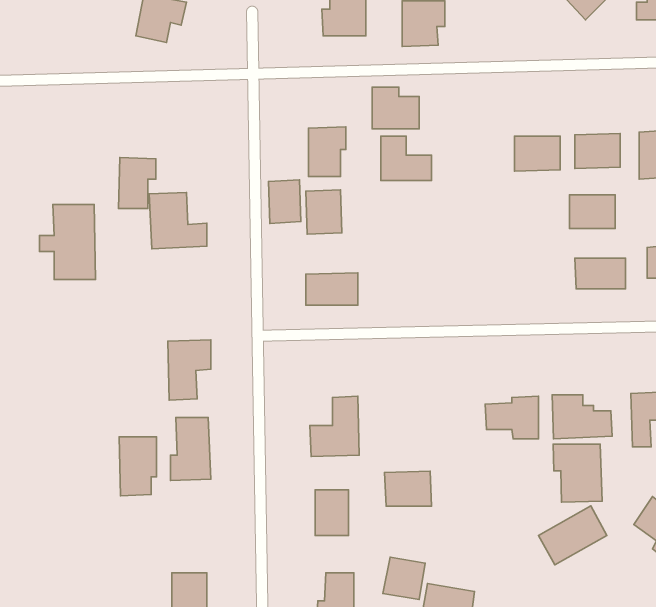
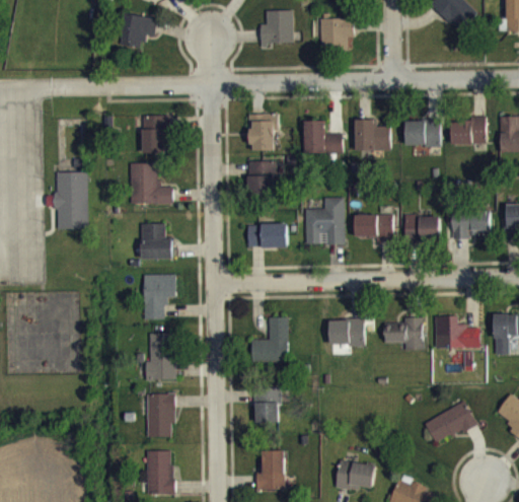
building: [372,87,419,129] -> [355,119,390,150]
building: [118,158,156,209] -> [142,114,170,152]
building: [268,180,301,223] -> none
building: [570,195,615,228] -> [404,215,439,240]
building: none -> [304,197,345,244]
building: none -> [354,214,392,241]
building: none -> [140,223,173,259]
building: [119,437,157,496] -> [146,392,174,437]
building: [553,444,602,502] -> none
building: [385,471,432,506] -> [328,318,364,345]
building: [383,557,425,600] -> none

